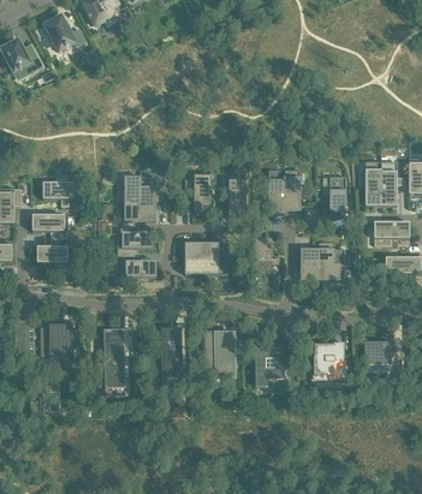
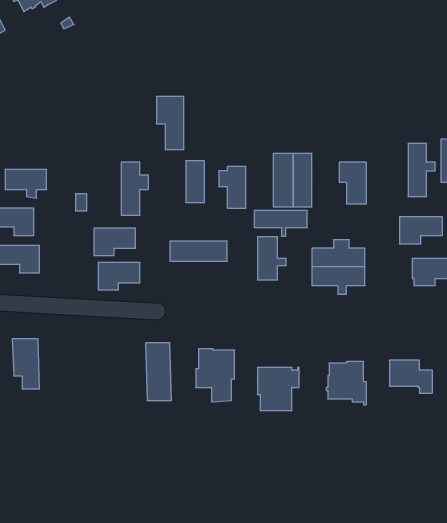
building: [357,160,380,204] -> none
building: [117,175,139,220] -> [156,97,184,150]
building: [184,258,228,280] -> [254,210,307,236]
building: [103,328,124,387] -> none

